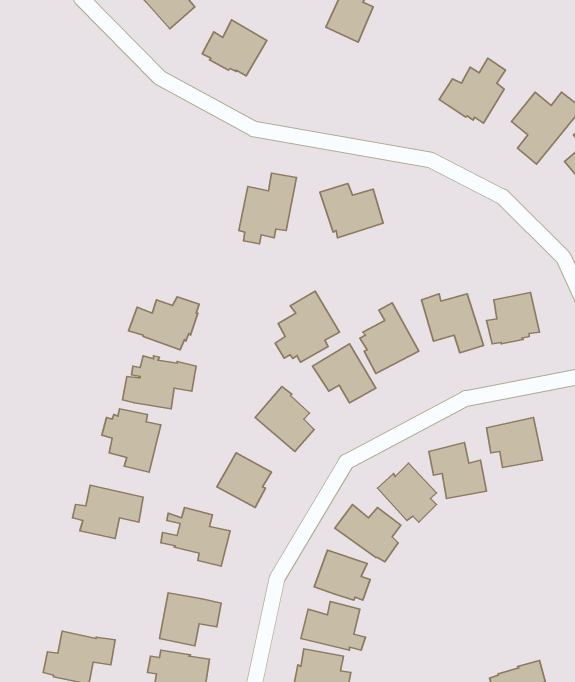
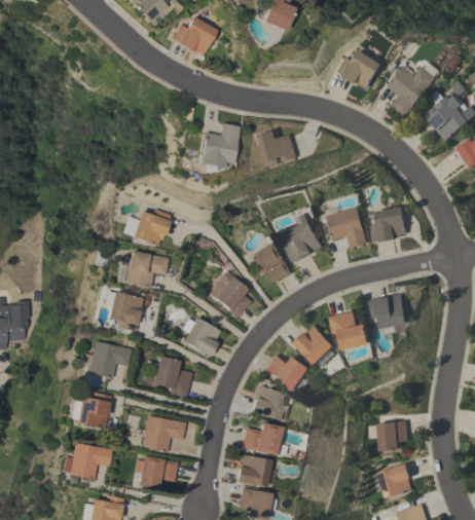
building: [275,291,340,362] -> none
building: none -> [70,392,111,430]
building: none -> [377,420,409,450]

